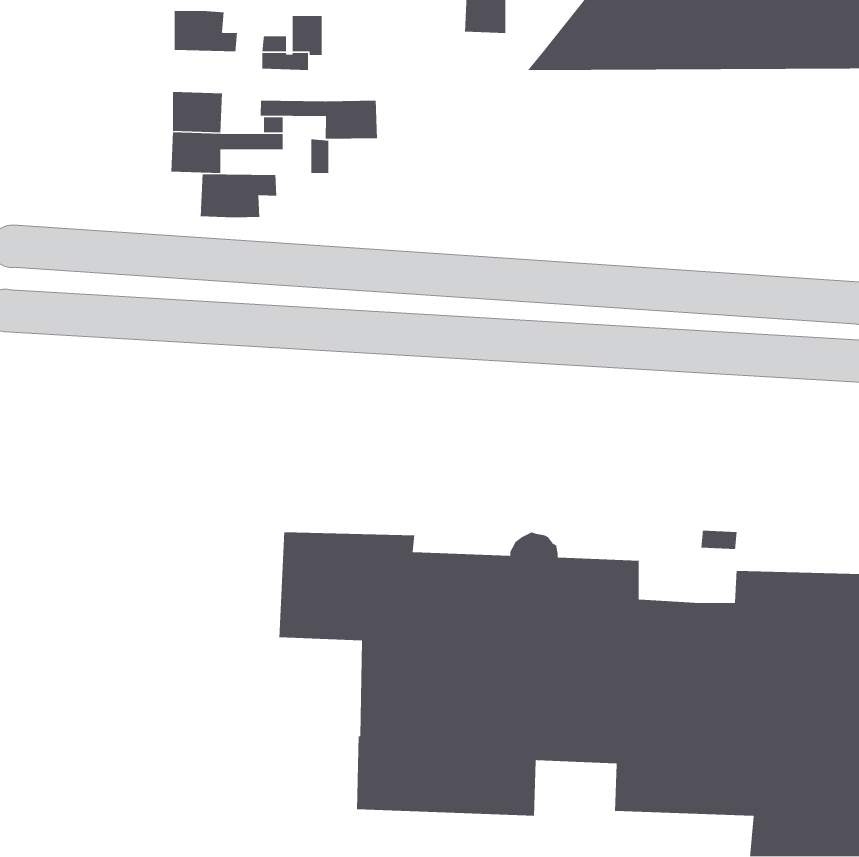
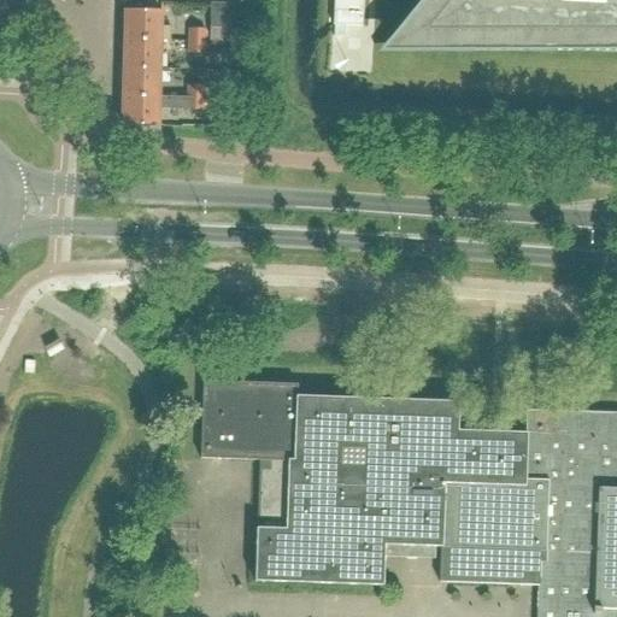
building: none -> [125,36,171,66]
building: [260,100,378,140] -> none
building: [200,173,277,218] -> none

